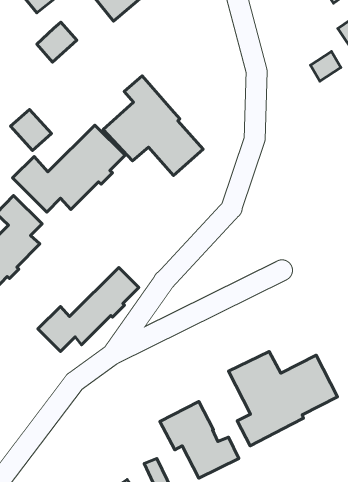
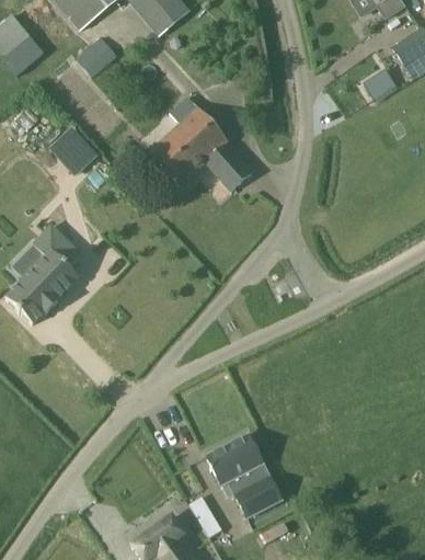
building: [13,125,125,212] -> none
building: [38,267,139,352] -> none
building: [229,352,338,446] -> none

